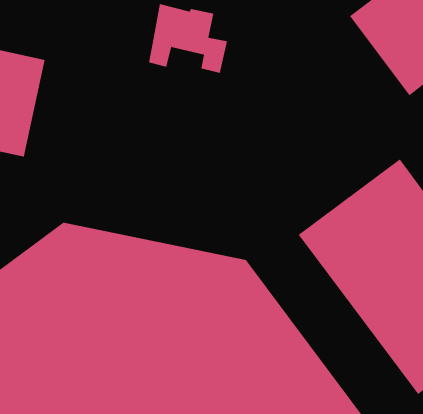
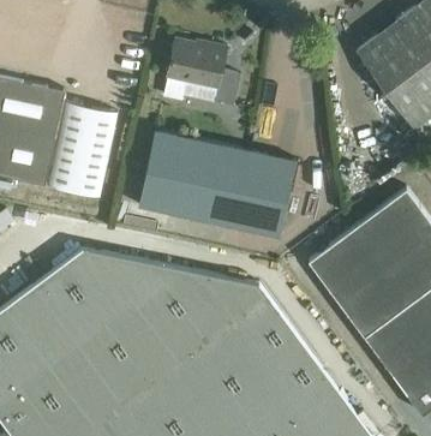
building: none -> [48,103,118,198]
building: none -> [138,132,295,238]

